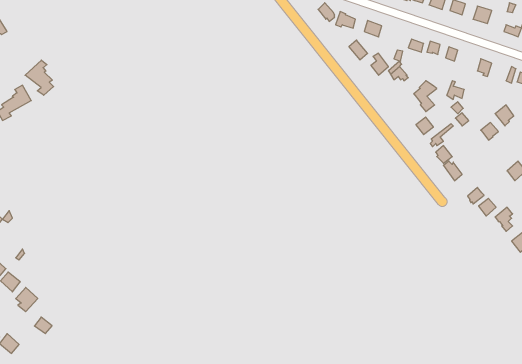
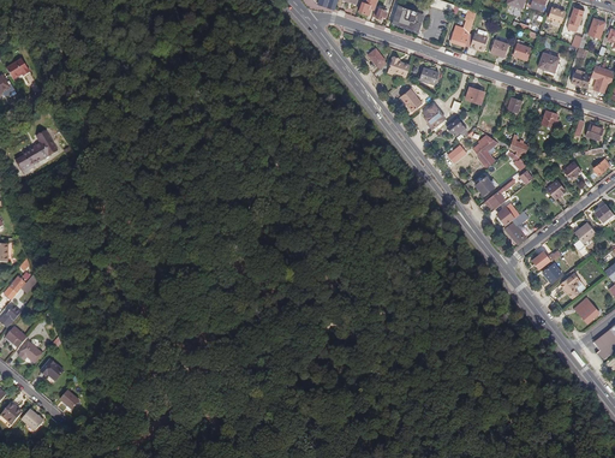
building: [25,60,54,95] -> none

